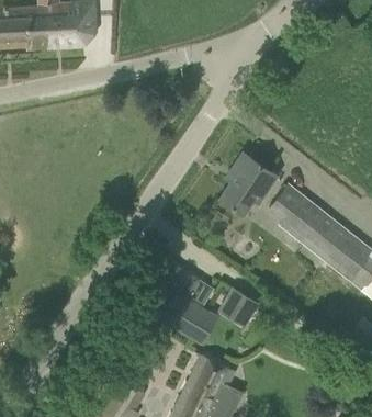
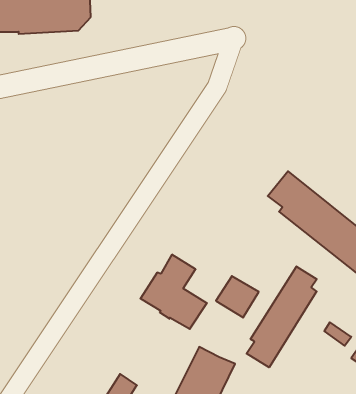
building: [219,151,278,213] -> none
building: none -> [247,266,317,367]

